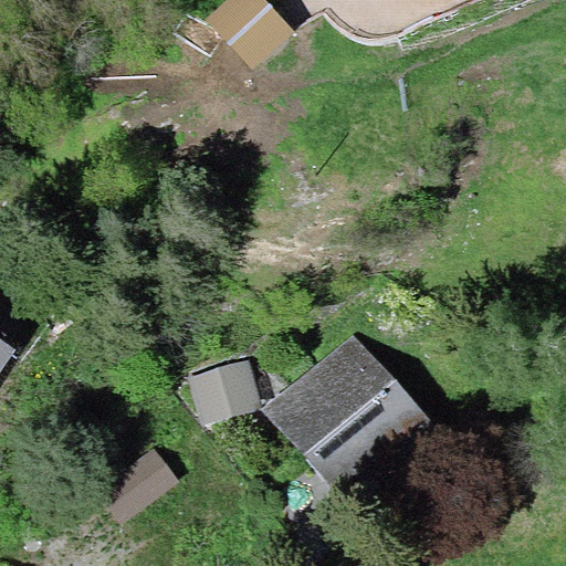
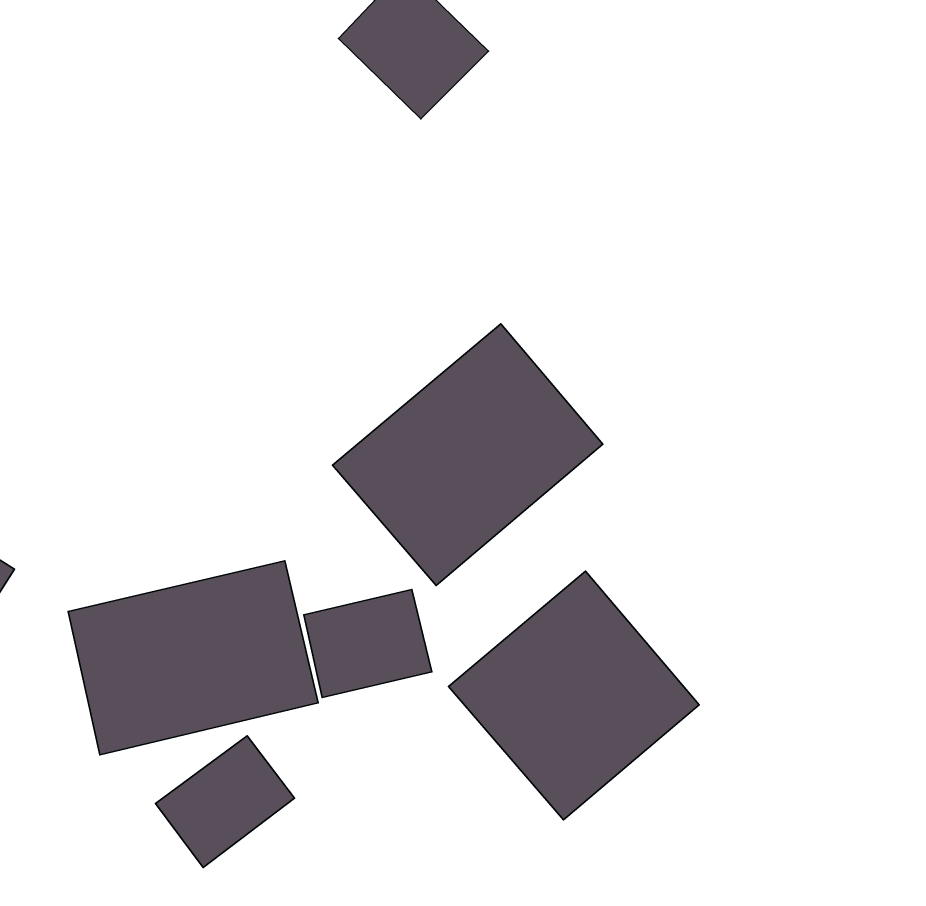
building: none -> [333,324,603,586]
building: none -> [68,561,318,755]

